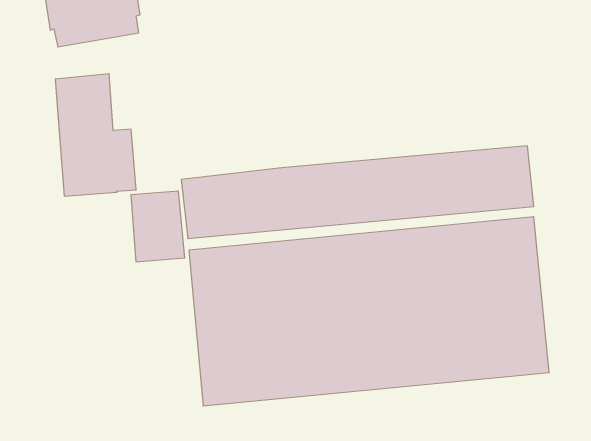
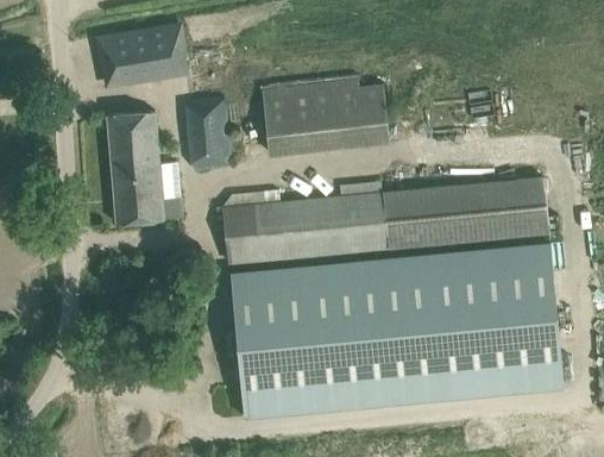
building: none -> [259,75,388,154]
building: [131,191,185,262] -> [184,102,234,168]

